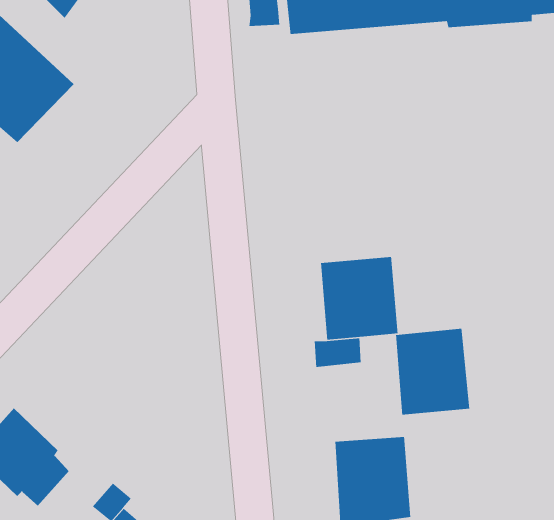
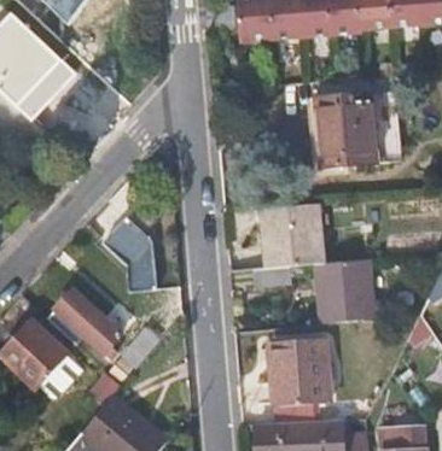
building: none -> [314,94,399,168]
building: none -> [103,221,156,294]
building: none -> [56,291,120,358]

